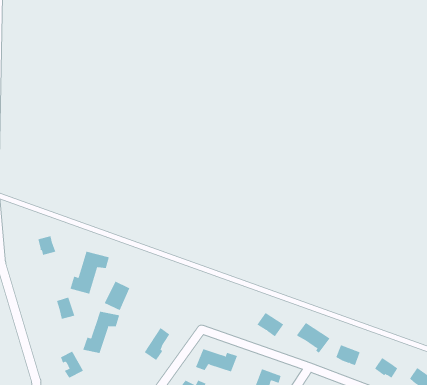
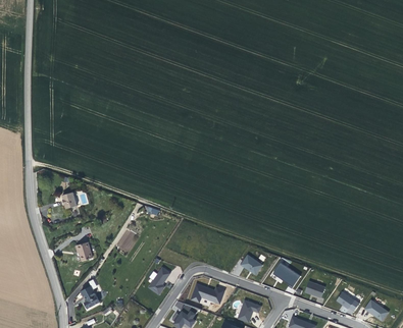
building: [70,251,109,294] -> none
building: [83,311,120,354] -> none

